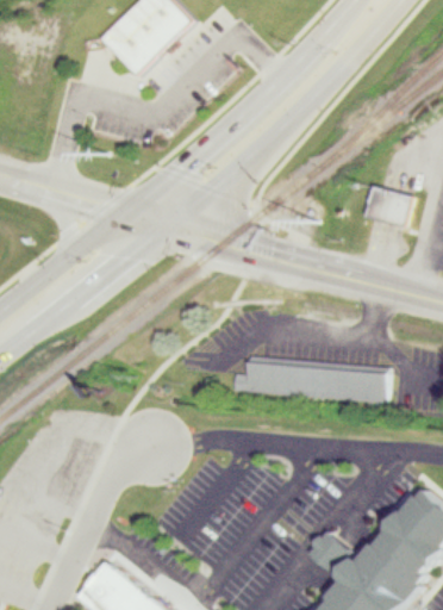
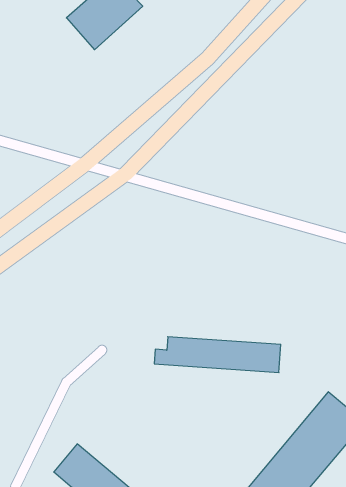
building: [358,181,407,224] -> none
building: [226,357,382,402] -> [154,337,281,373]

